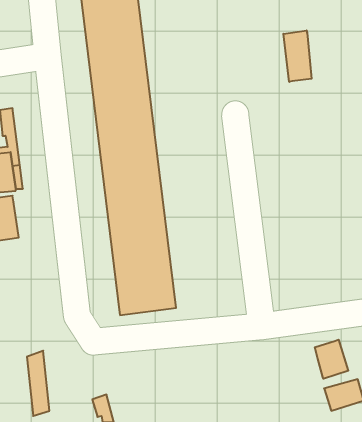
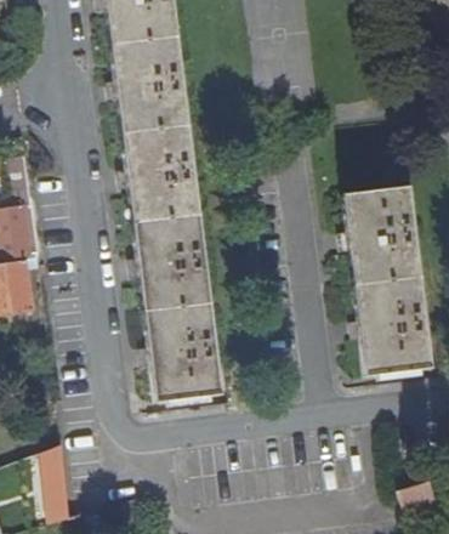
building: [283,30,312,82] -> none
building: none -> [341,187,430,376]
building: [315,340,348,379] -> none

